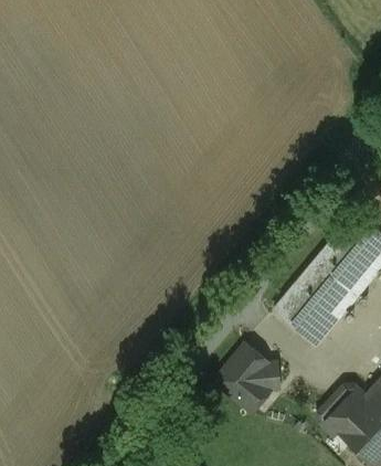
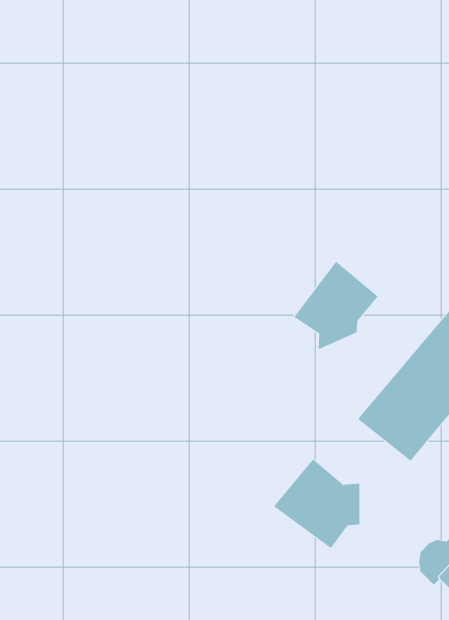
building: none -> [293,261,379,350]

